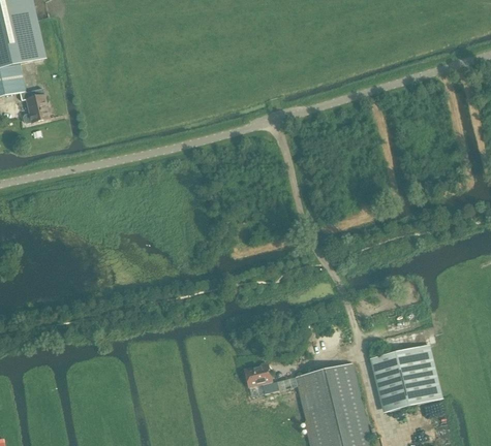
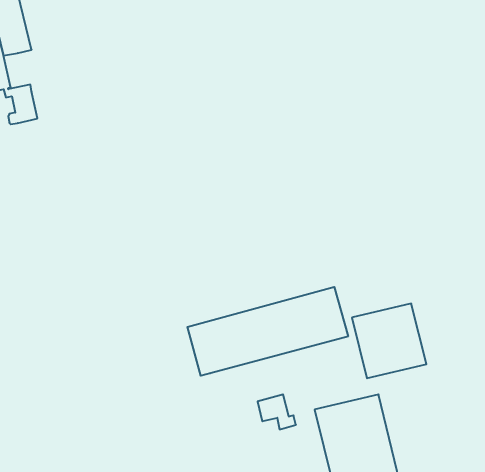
building: none -> [187,287,348,376]
building: [374,344,440,410] -> [352,304,426,378]

